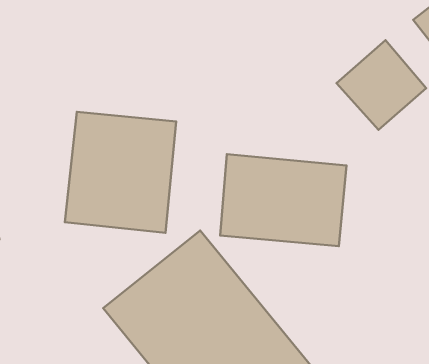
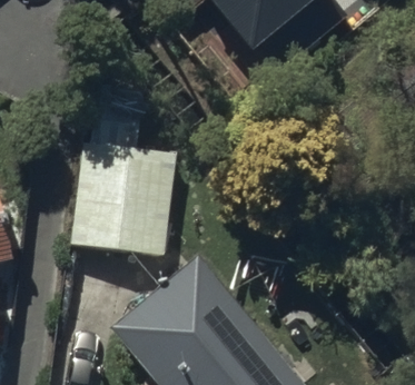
building: [220,154,347,246] -> none

